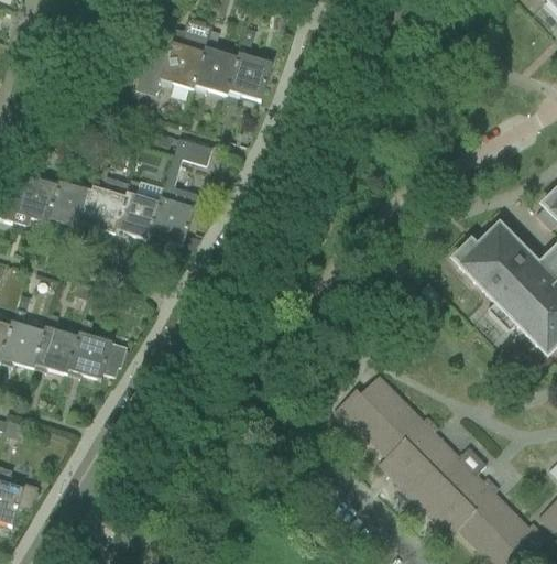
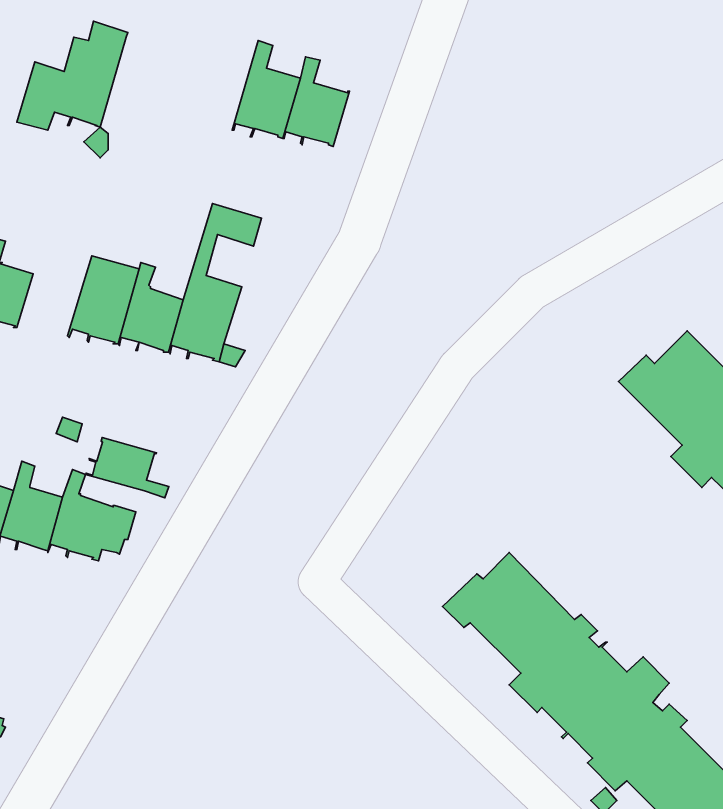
building: [134,17,209,90] -> [17,21,128,130]
building: [45,166,90,227] -> none
building: none -> [85,437,169,498]

